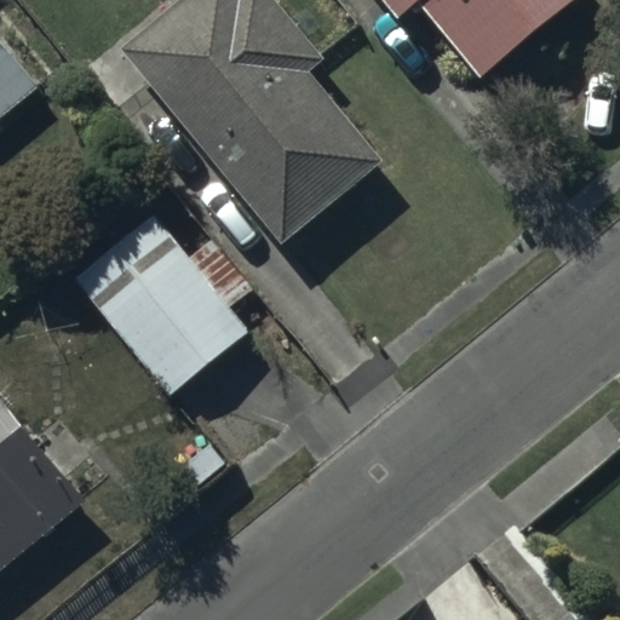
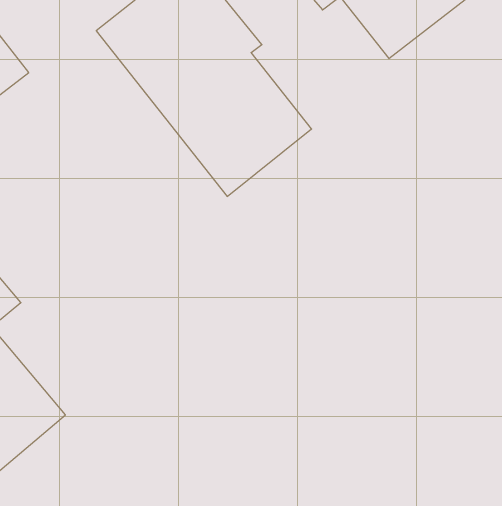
building: [74,220,246,402] -> none

